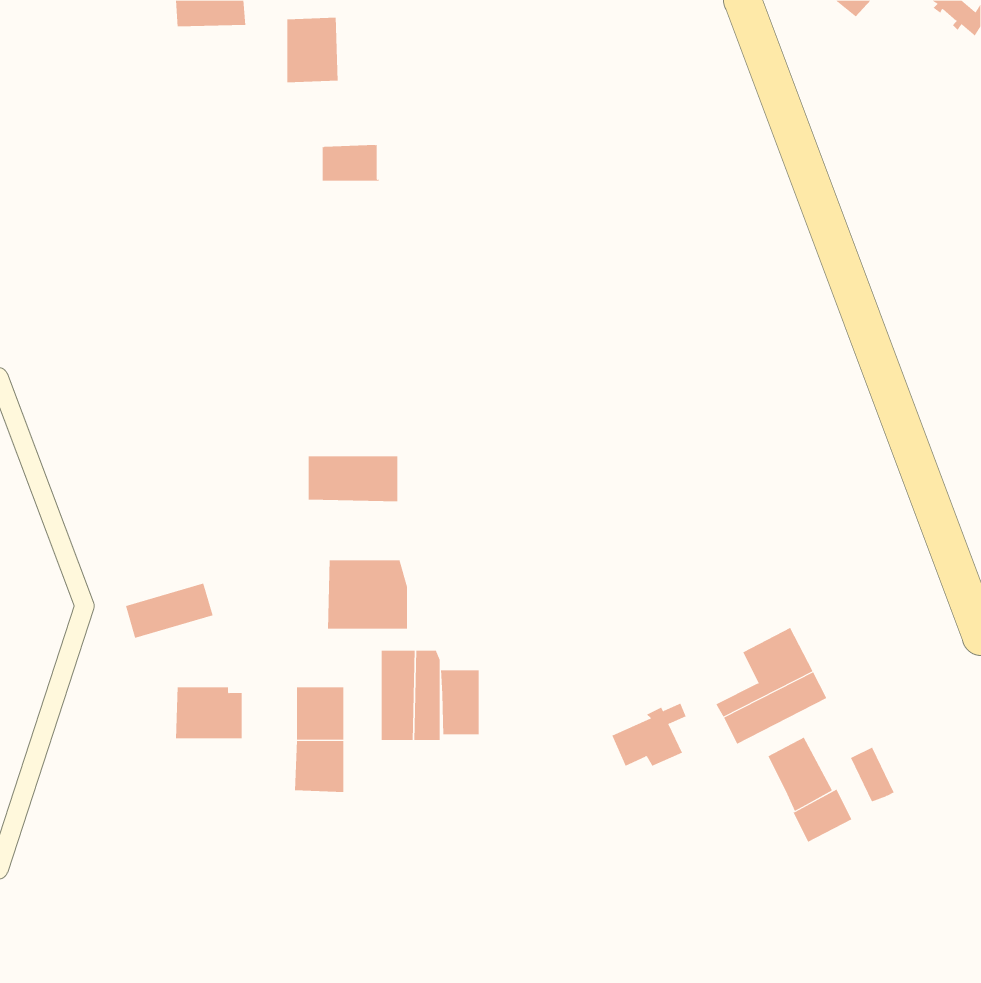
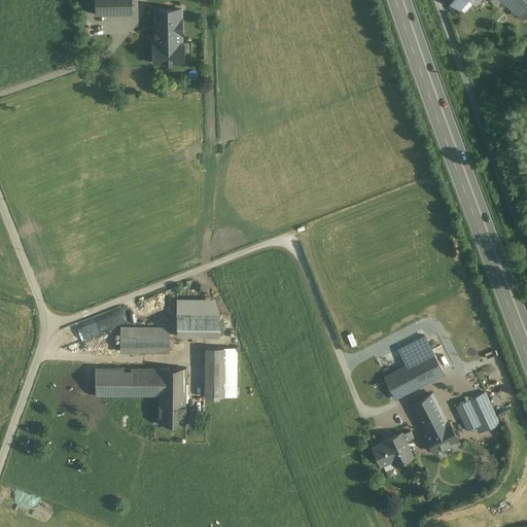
building: [322,145,379,181] -> [152,43,183,63]
building: [308,456,398,502] -> [119,327,168,352]
building: [440,669,479,735] -> none
building: none -> [130,367,159,396]
building: [612,703,687,766] -> [373,430,413,464]
building: none -> [467,393,498,432]

